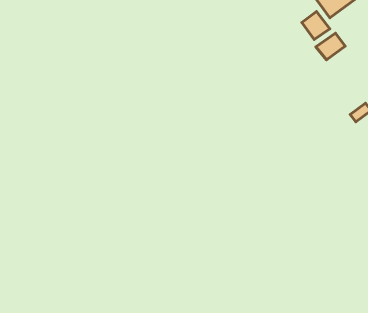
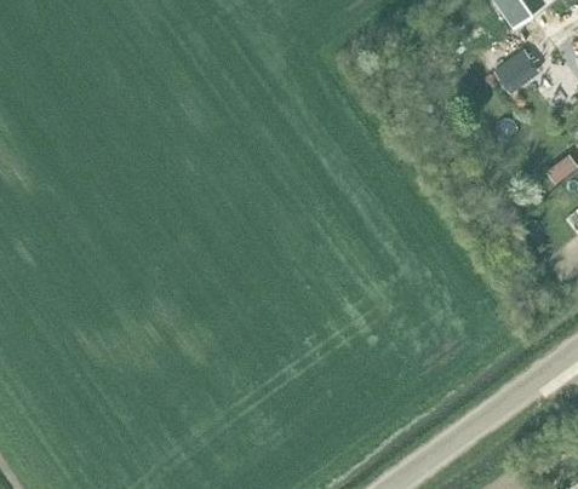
building: [302,12,330,40] -> none

